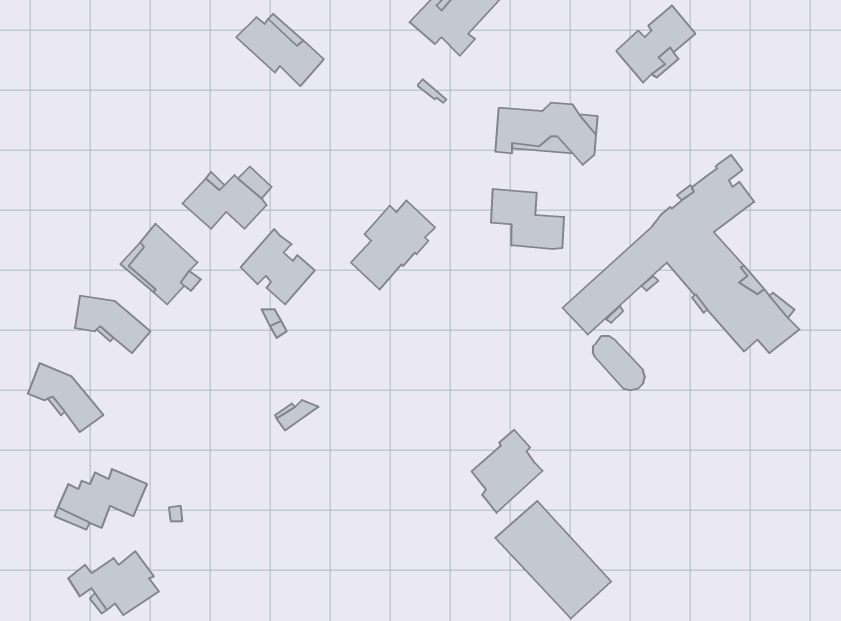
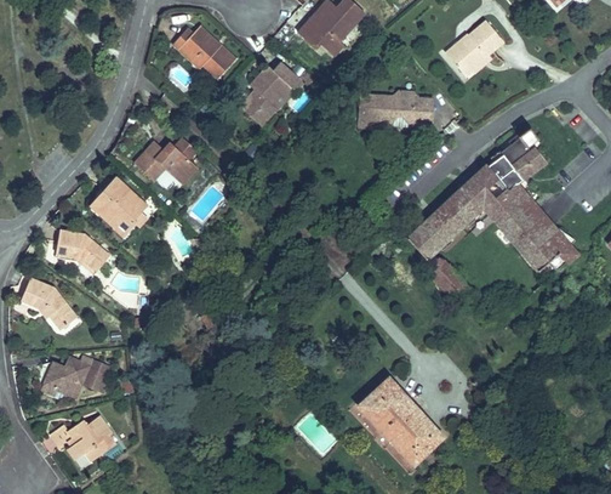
building: [491,189,564,249] -> none
building: [351,200,435,290] -> [240,61,301,125]
building: [241,229,315,304] -> none
building: [472,430,543,513] -> none

